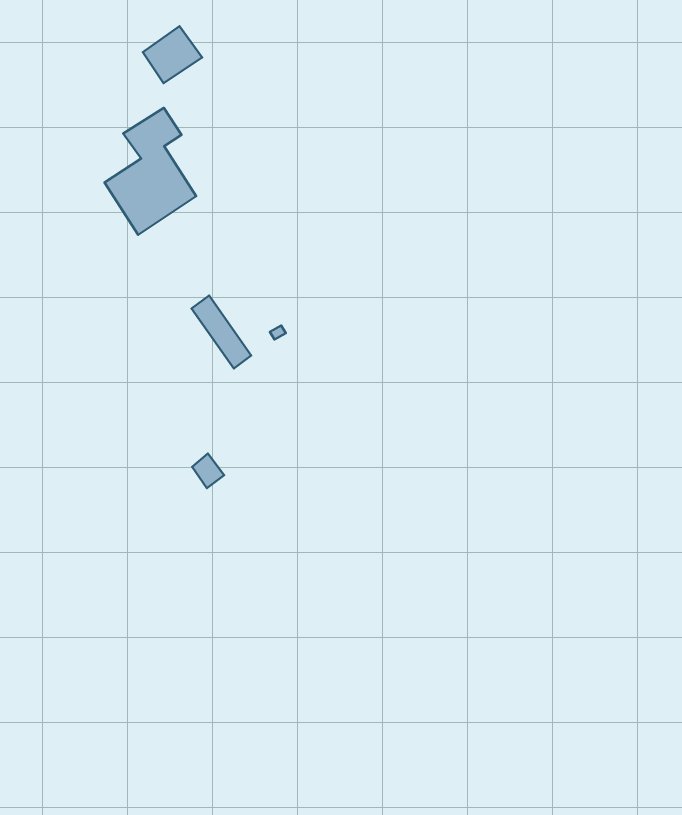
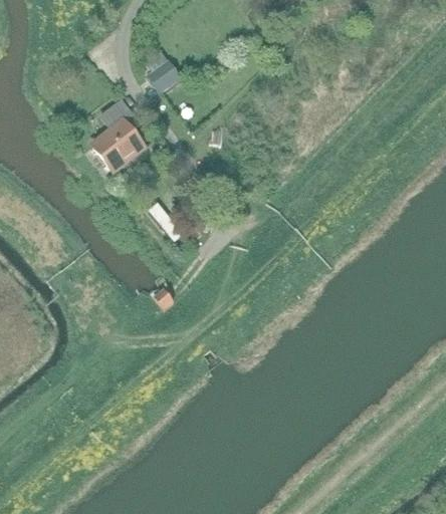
building: [143,26,202,83] -> [147,60,180,92]

